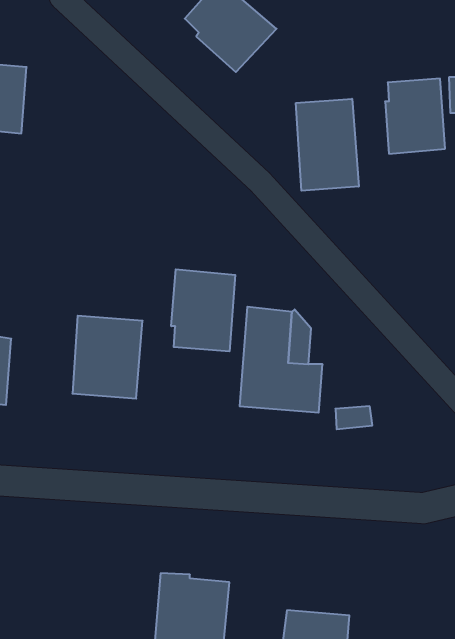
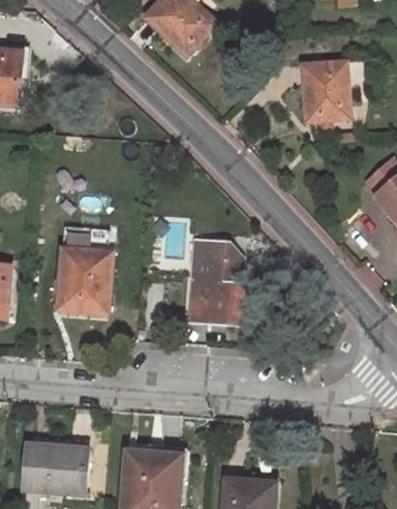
building: [296,99,359,191] -> none
building: [171,269,235,351] -> none
building: none -> [24,443,87,495]

